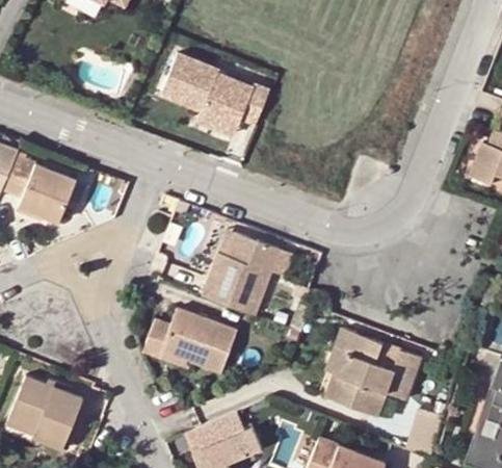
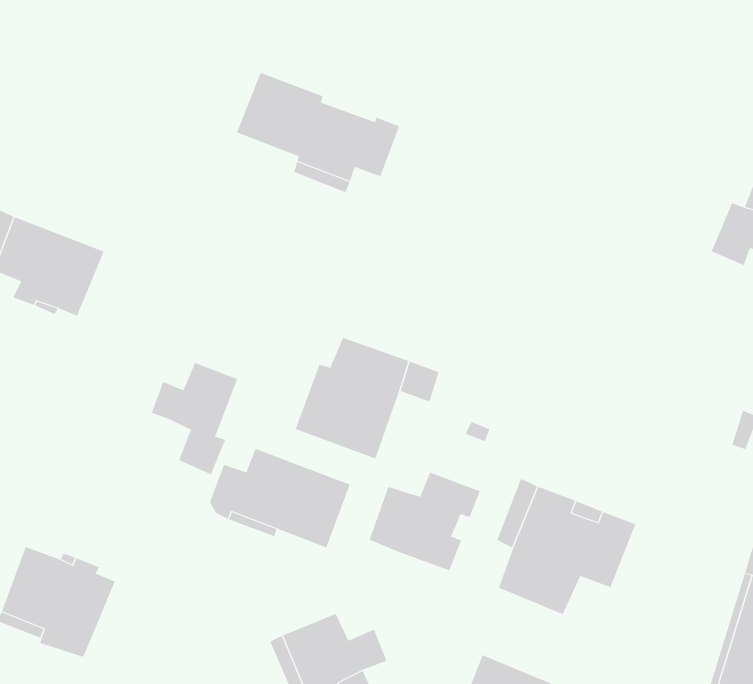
building: none -> [151,362,238,475]
building: none -> [369,472,481,571]

